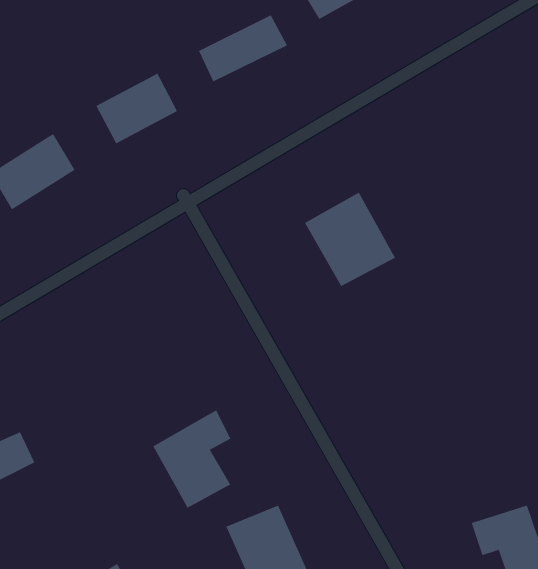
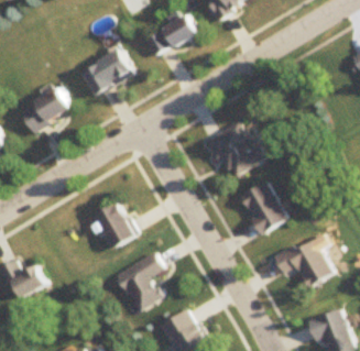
building: none -> [240,182,287,234]
building: none -> [92,200,135,246]
building: none -> [275,237,335,287]

